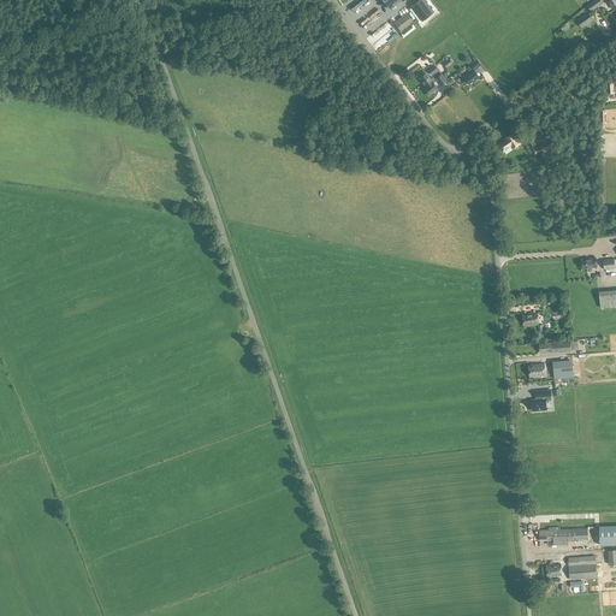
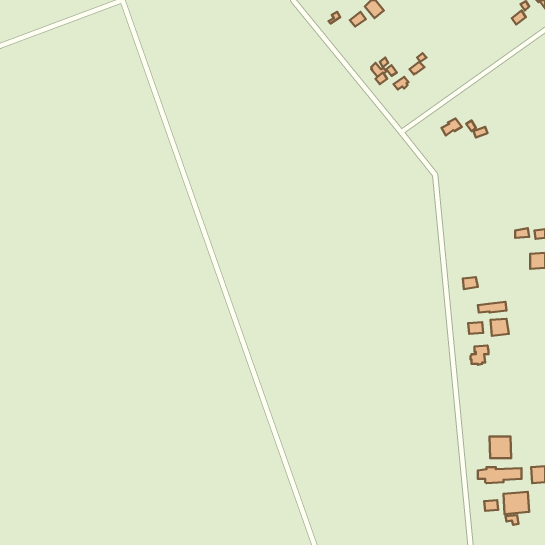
building: none -> [490,436,511,458]

